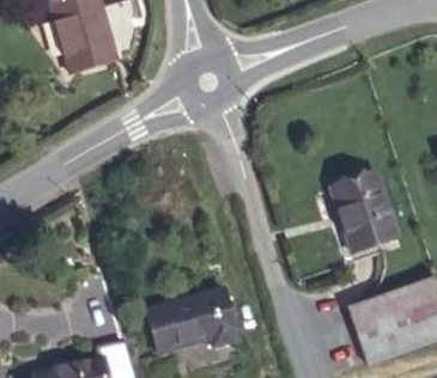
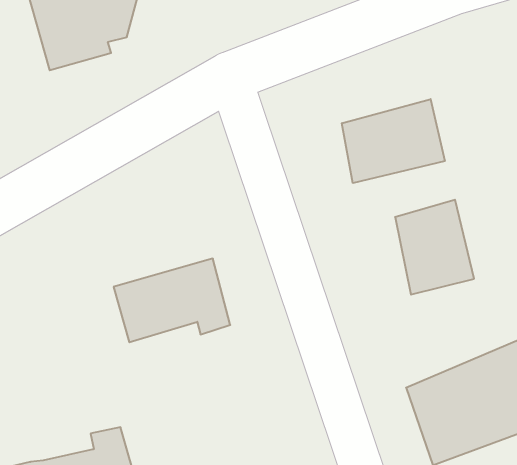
building: none -> [342,99,445,183]
building: [148,288,237,352] -> [114,259,230,342]

